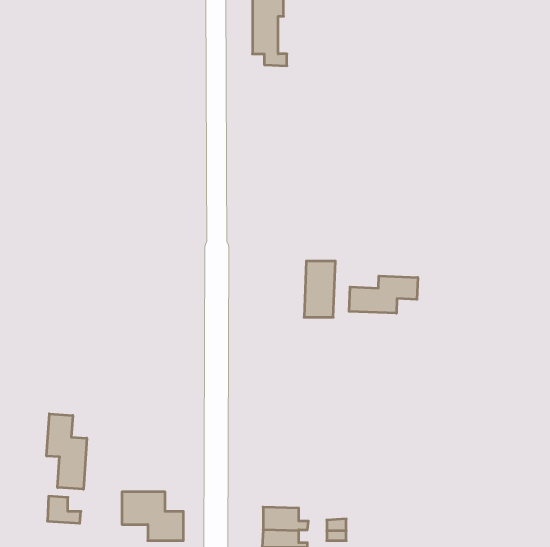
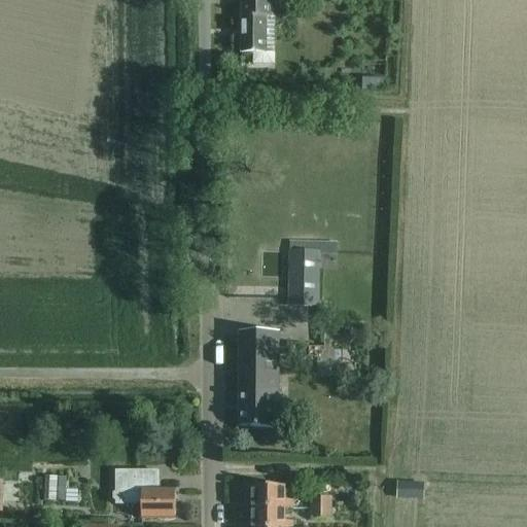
building: [349,276,418,313] -> none
building: none -> [239,330,278,422]
building: [47,414,87,489] -> none

